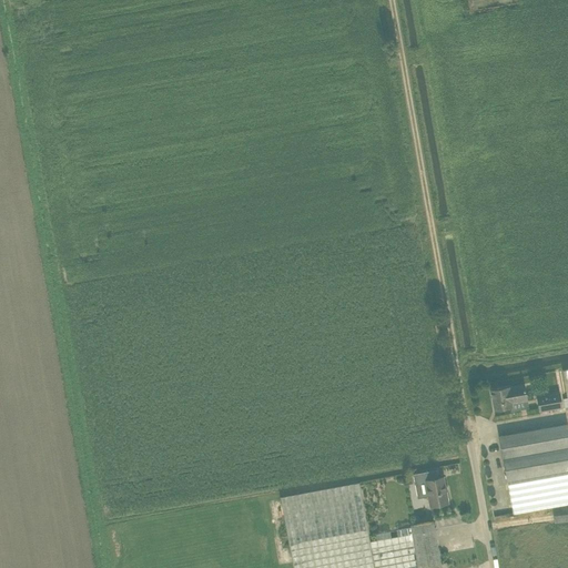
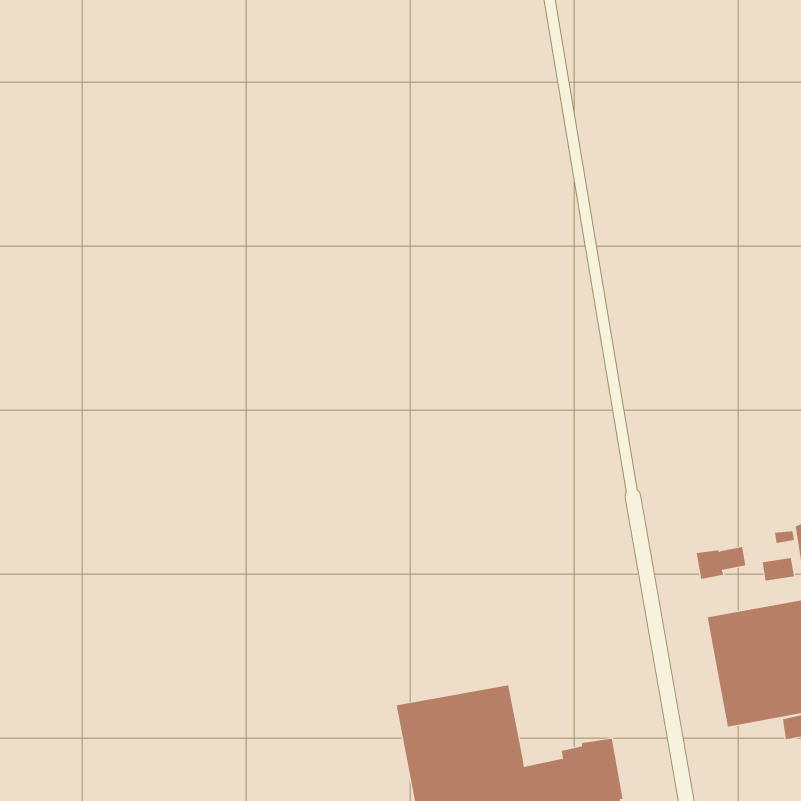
building: [414,470,449,507] -> none

